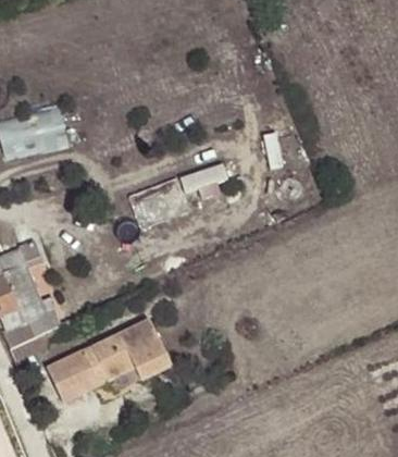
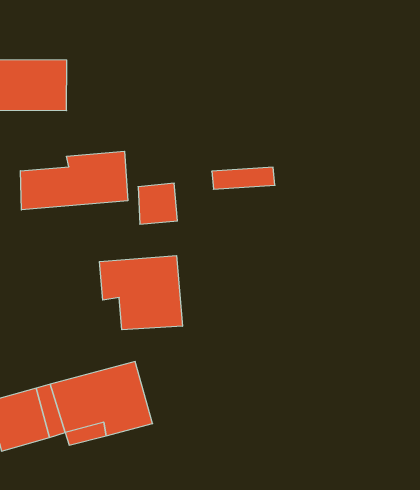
building: none -> [20,151,128,210]
building: none -> [99,256,182,330]

